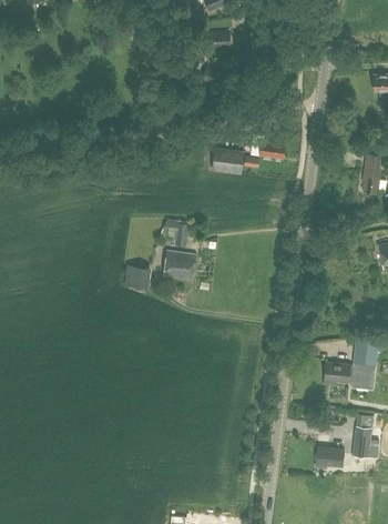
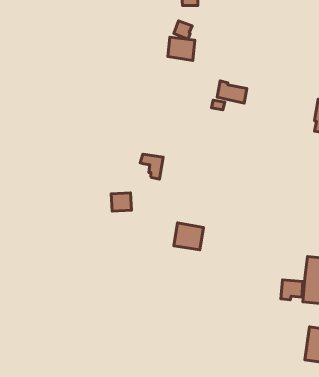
building: [212,147,243,173] -> [168,37,195,60]
building: [162,249,196,280] -> [174,223,204,250]
building: [315,446,344,466] -> none

